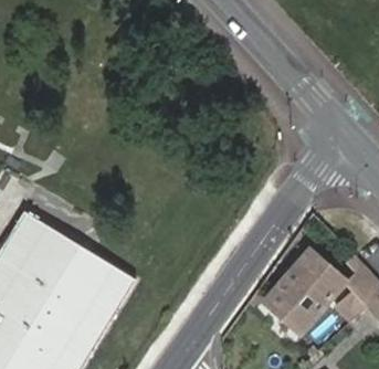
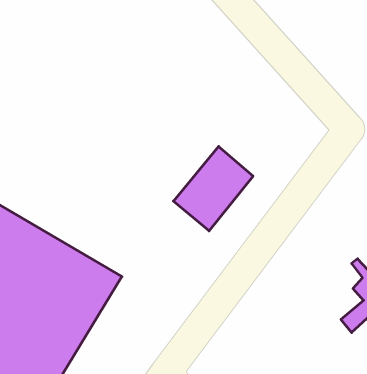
building: [266,254,340,333] -> [173,146,253,231]

